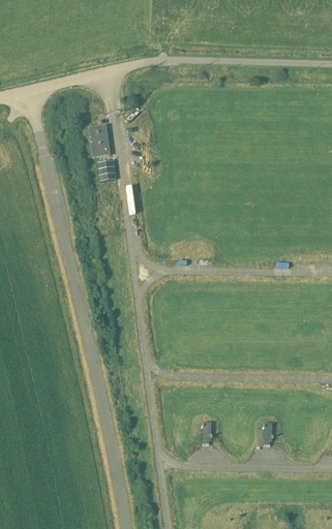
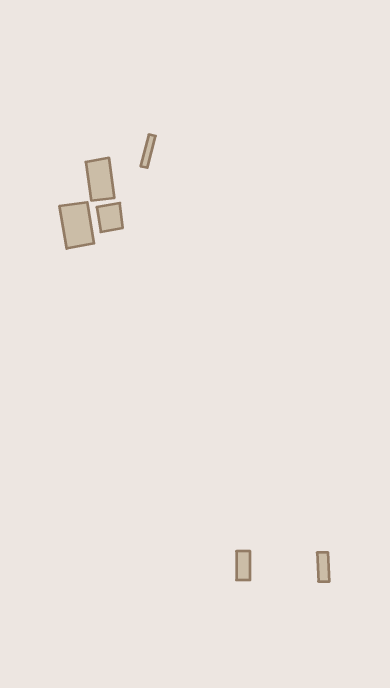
building: none -> [60,202,94,249]

